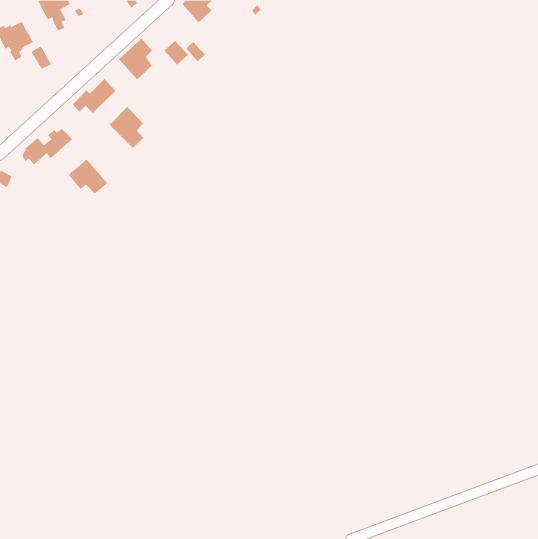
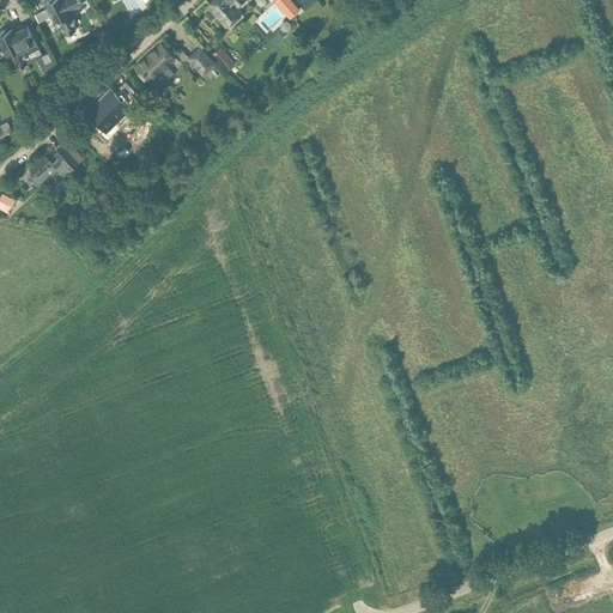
building: [109,106,144,149] -> none
building: [68,159,108,194] -> none

